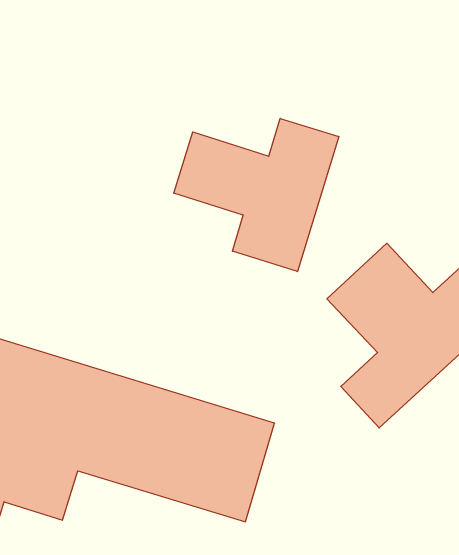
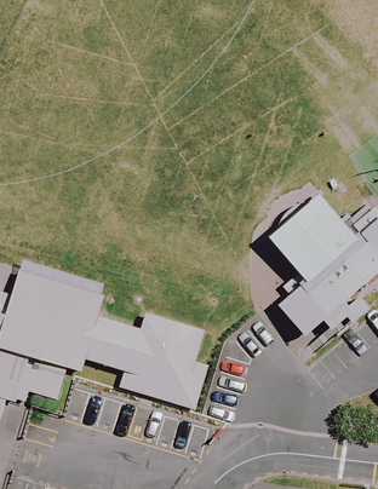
building: [174,118,339,272] -> none

